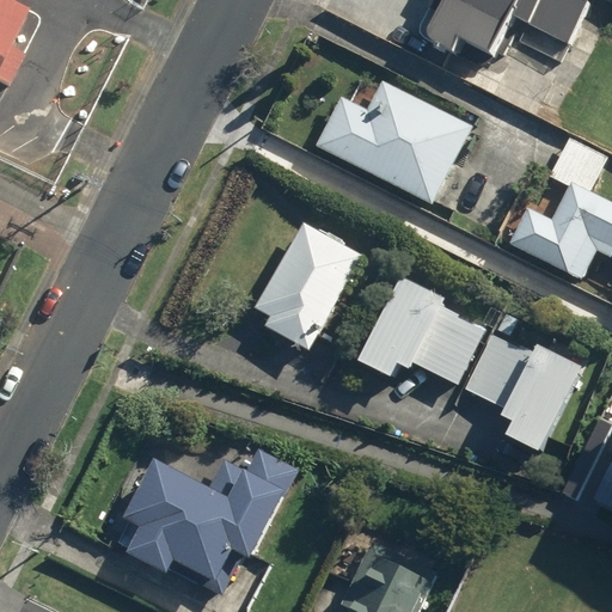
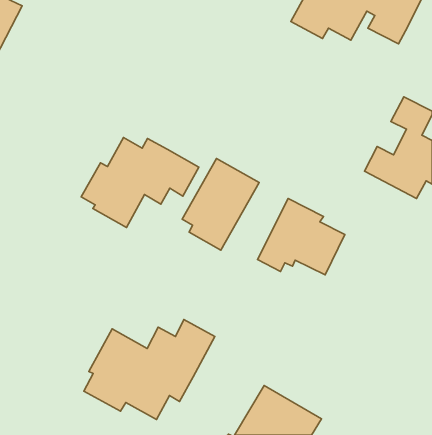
building: [317,79,472,206] -> none
building: none -> [81,138,199,227]
building: [465,332,582,453] -> none

